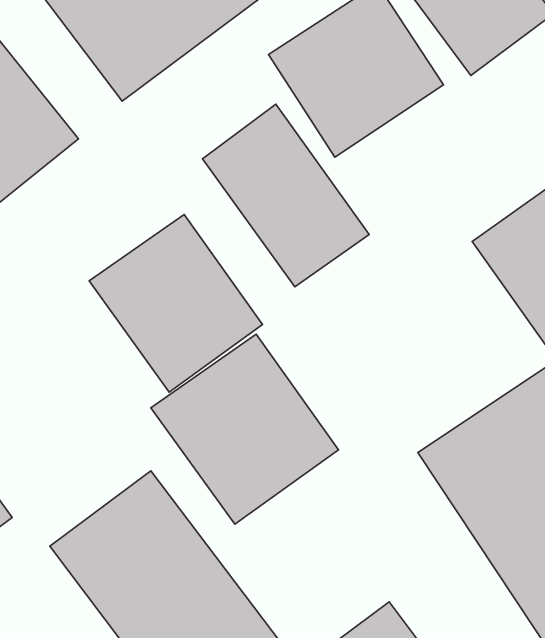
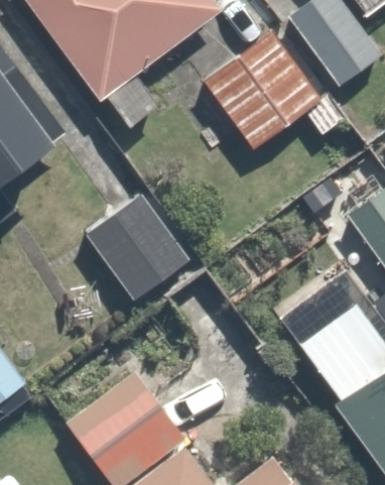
building: [203,104,369,287] -> none
building: [151,334,339,524] -> none

